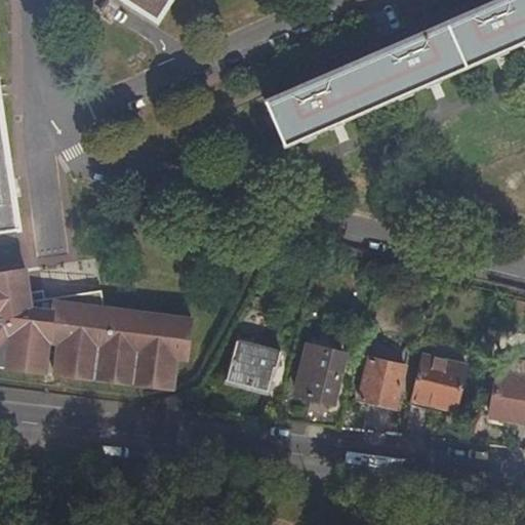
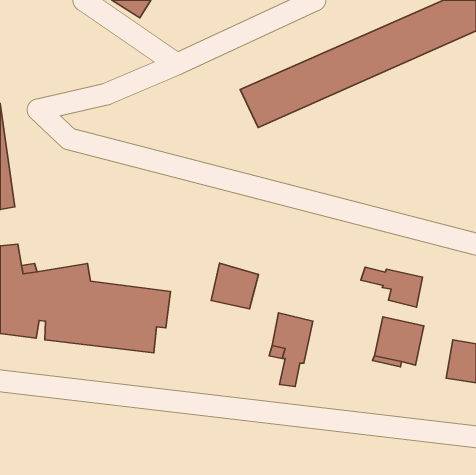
building: none -> [361,267,423,307]
building: [226,340,278,391] -> [211,263,259,309]
building: [362,354,405,400] -> none

